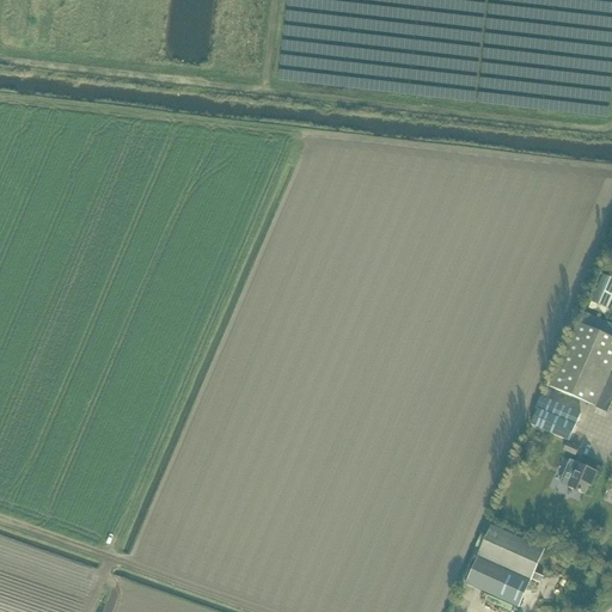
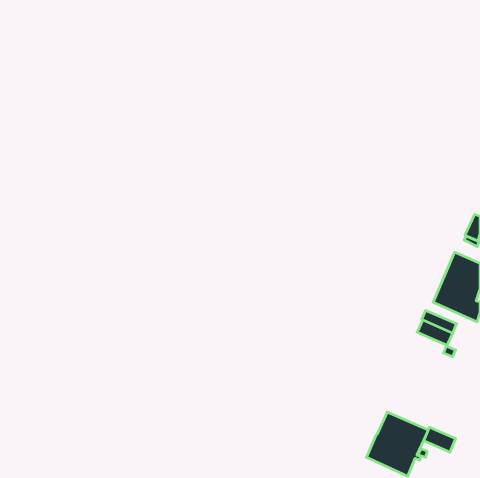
building: [561,458,598,491] -> none
building: none -> [424,427,456,452]

